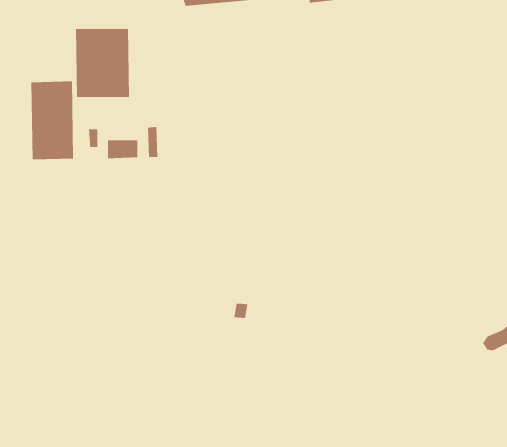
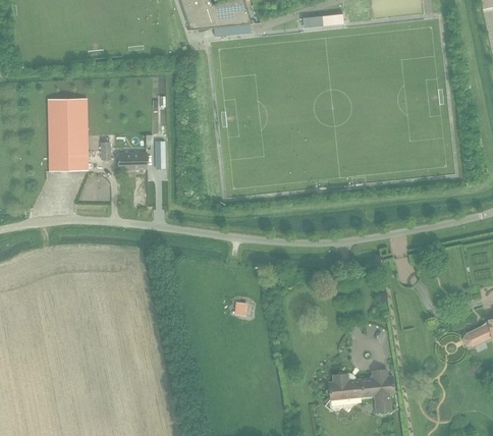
building: [76,28,129,98] -> none
building: none -> [328,369,394,413]

